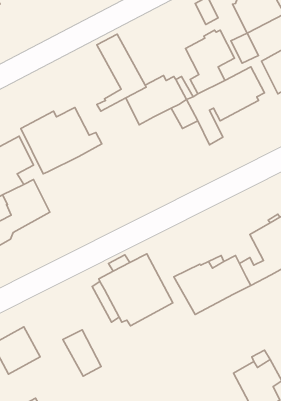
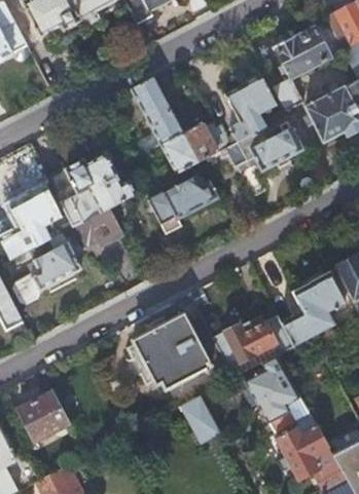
building: none -> [149,166,218,233]
building: none -> [78,208,129,254]
building: none -> [246,367,299,423]
building: [63,330,101,376] -> [180,395,221,445]

